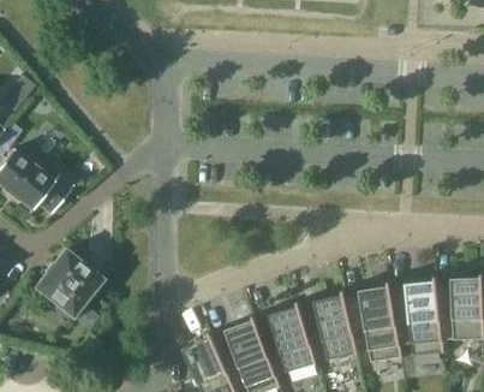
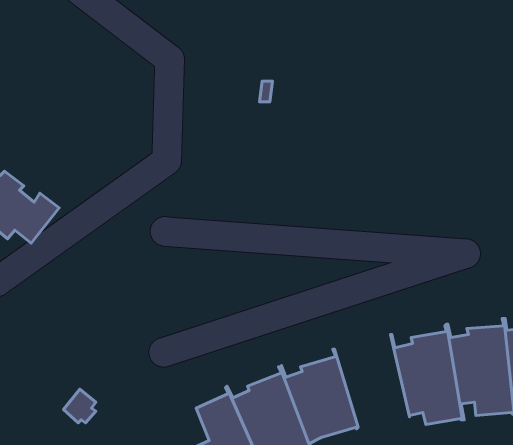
building: [35,249,103,317] -> none
building: [299,289,360,364] -> none

